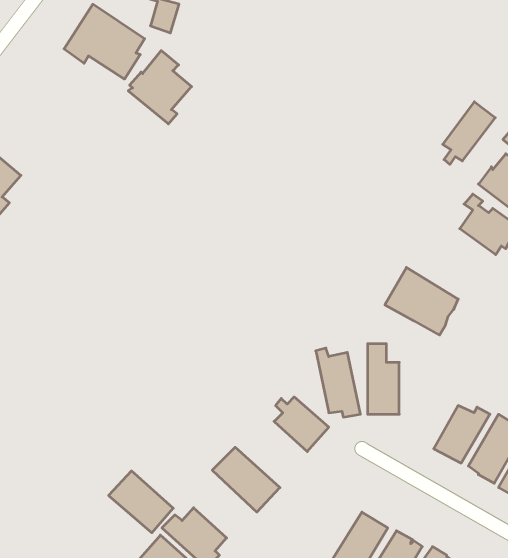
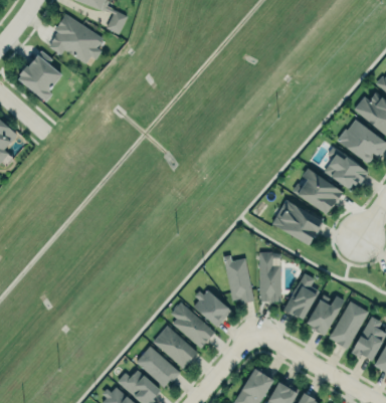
building: [128,51,192,124] -> [18,50,62,102]
building: [443,102,495,164] -> none
building: none -> [293,169,343,215]
building: none -> [283,273,320,321]
building: none -> [171,303,215,349]
building: [109,471,173,533] -> [134,345,179,388]

